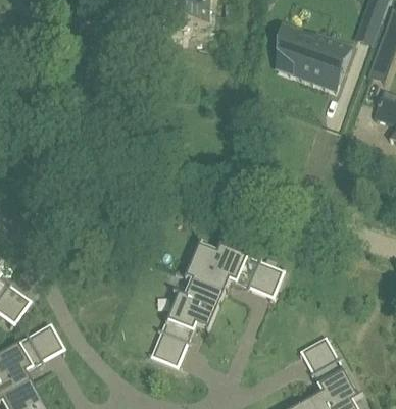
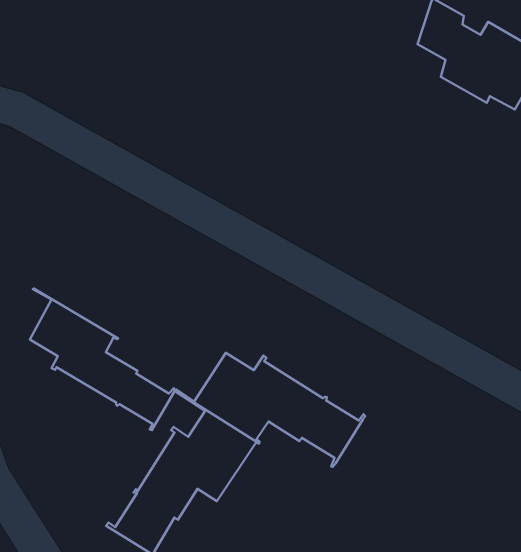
building: none -> [30,288,175,430]

